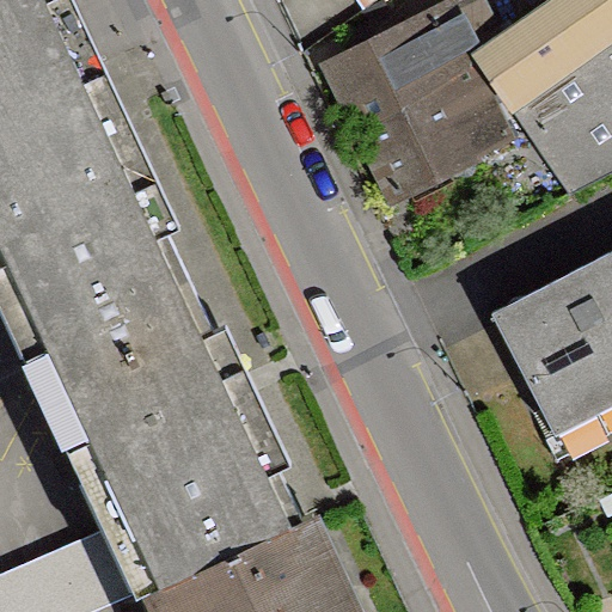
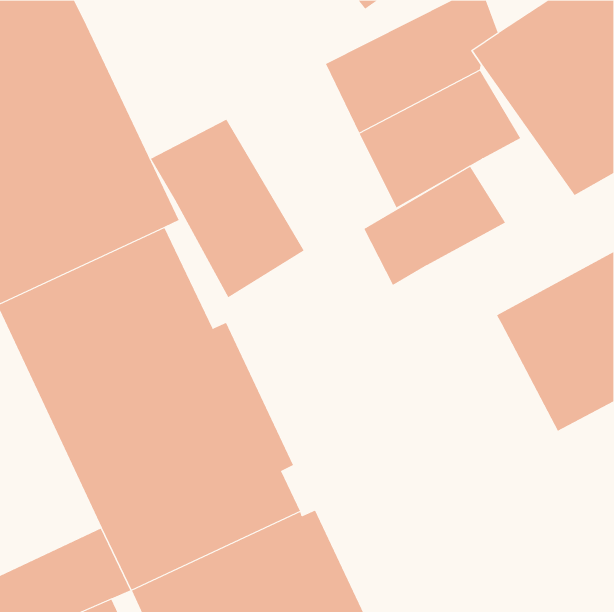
building: none -> [150,119,305,298]
building: none -> [363,166,506,286]

